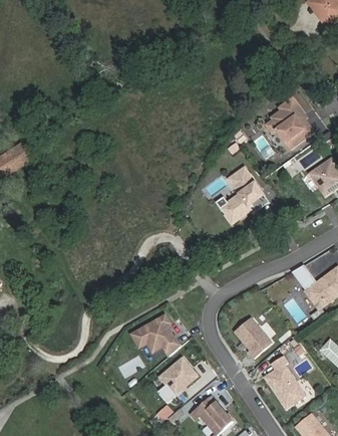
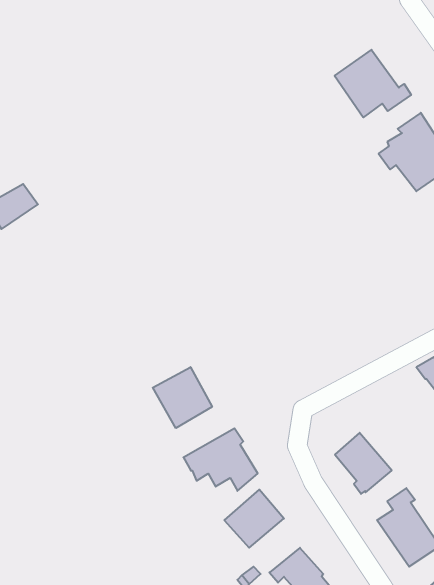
building: none -> [335,50,411,117]
building: [221,166,267,224] -> none
building: none -> [153,367,212,428]

